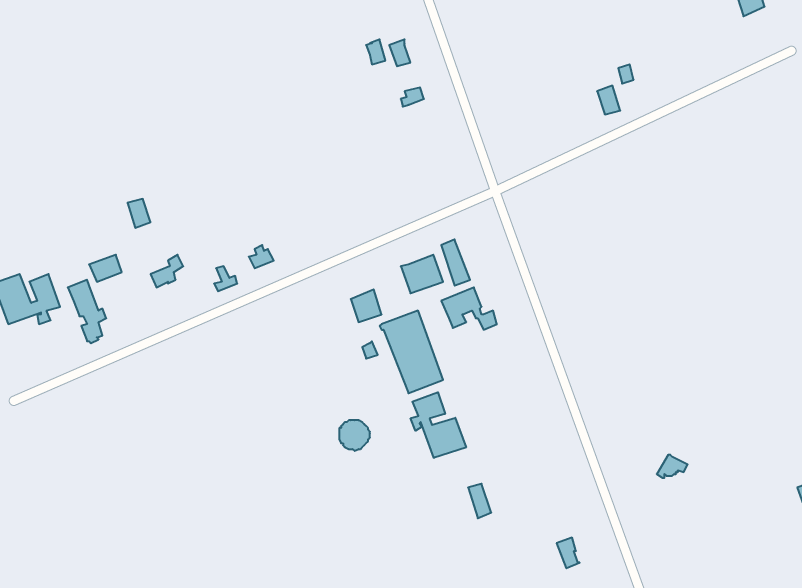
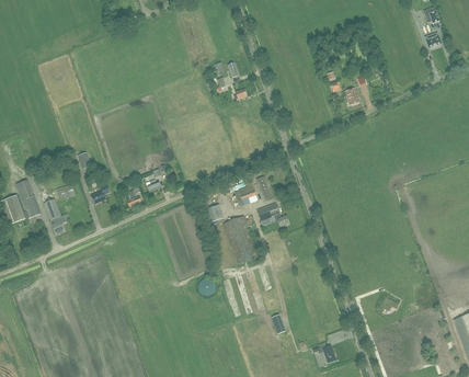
building: [411,392,466,458] -> none

